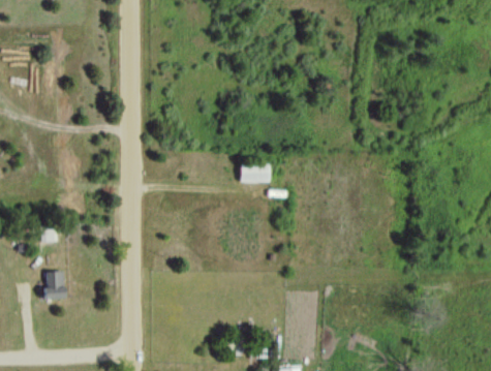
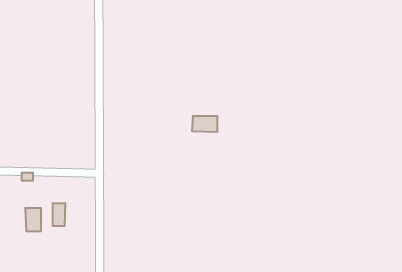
building: none -> [53,203,65,226]

